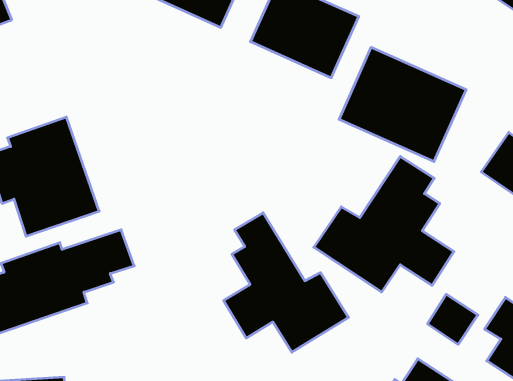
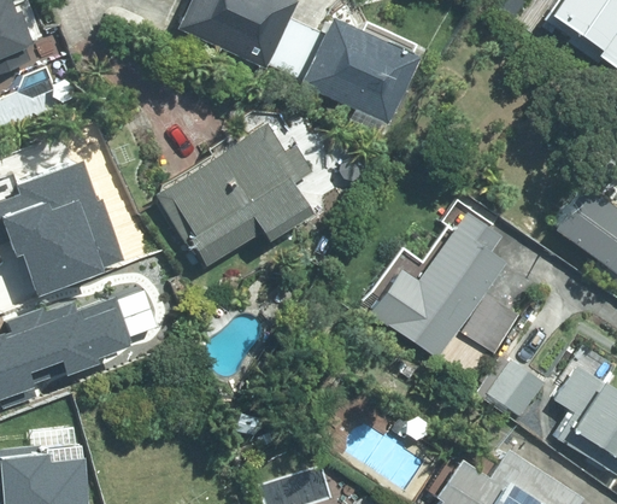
building: [339,47,466,162] -> none
building: none -> [157,121,317,265]
building: [224,213,349,352] -> none

